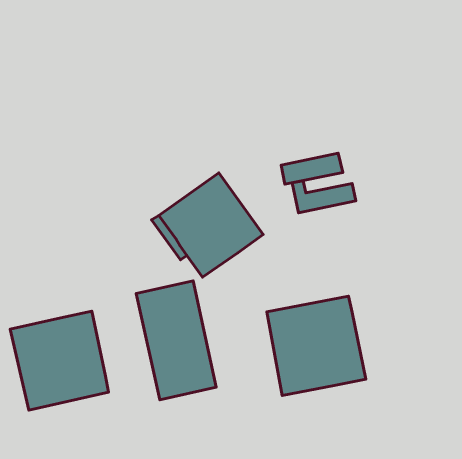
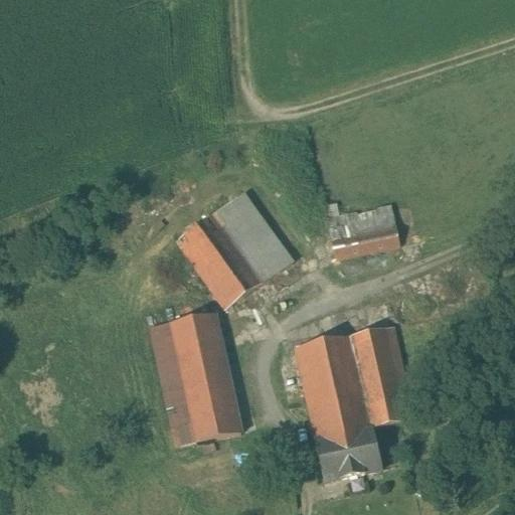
building: [281,153,343,184] -> [333,222,401,256]
building: [10,311,109,410] -> none
building: none -> [315,426,380,481]

